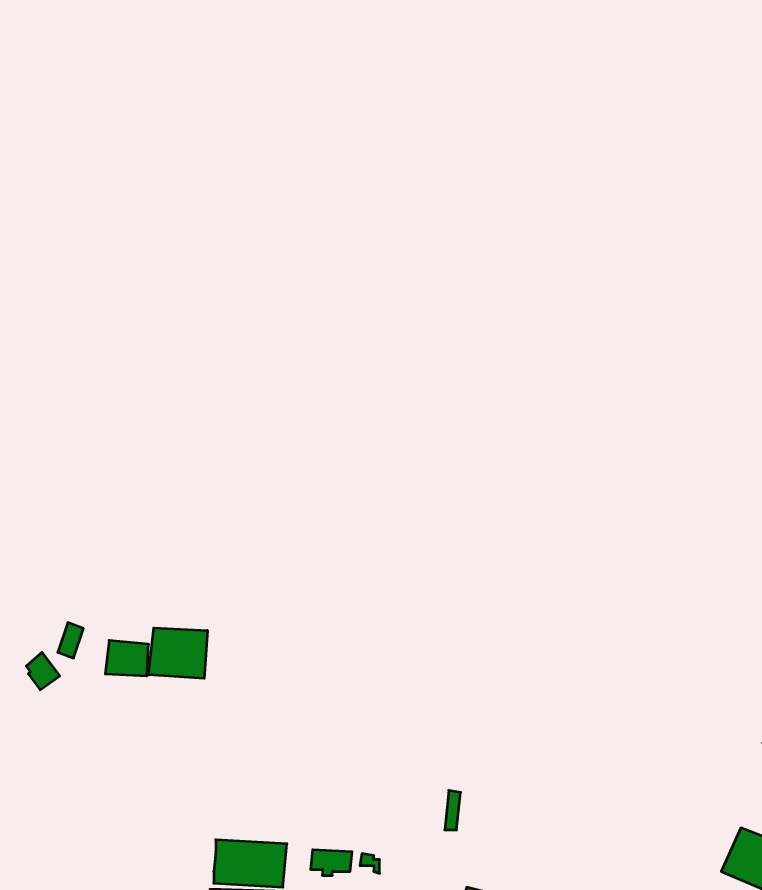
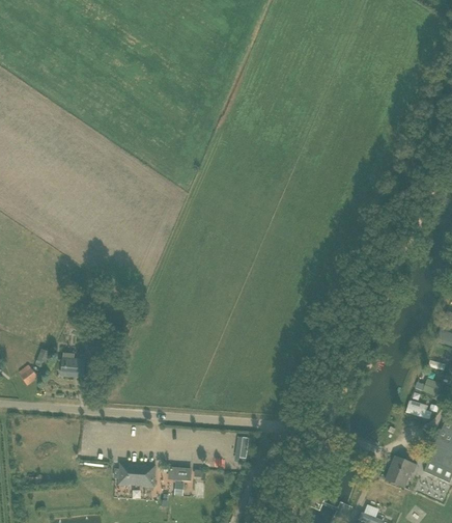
building: [149,628,207,678] -> none

